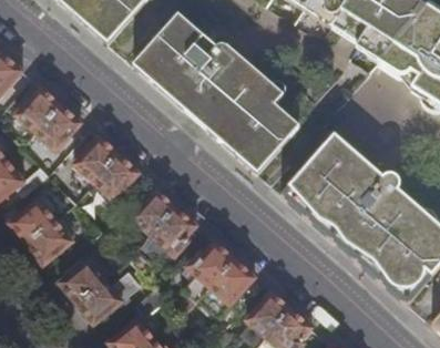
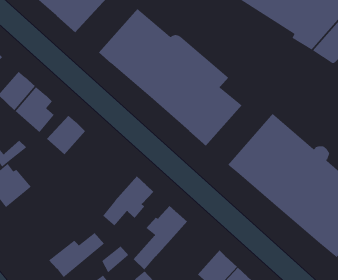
building: [94,154,140,201] -> none
building: [132,187,177,234] -> none
building: [27,218,73,264] -> none
building: [59,258,105,303] -> none
building: [199,258,255,317] -> none

